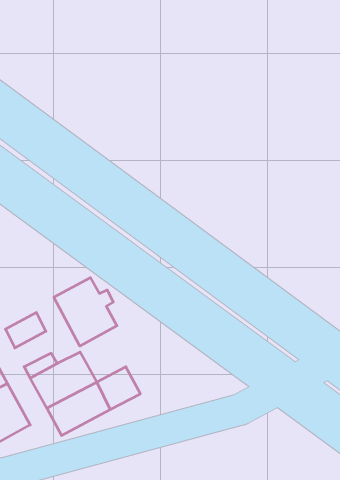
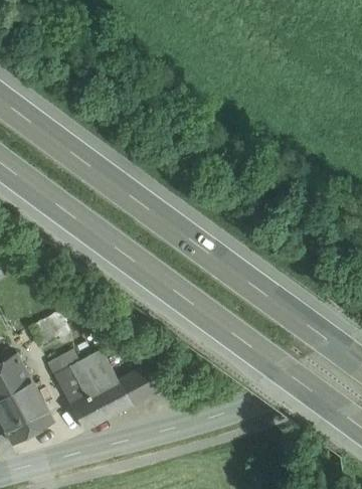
building: [54,278,117,346] -> none

